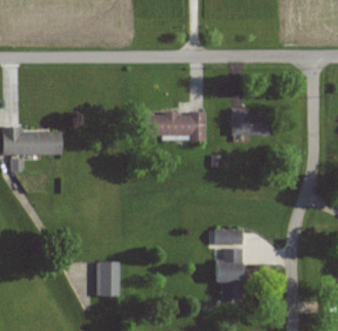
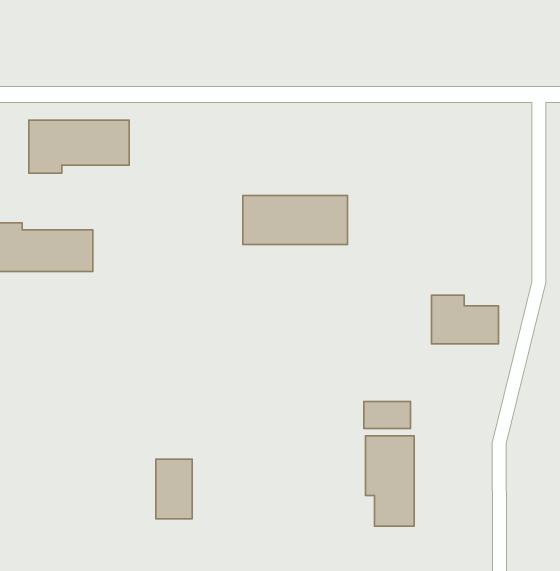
building: none -> [29,120,129,173]
building: [231,108,269,135] -> [432,295,498,344]

